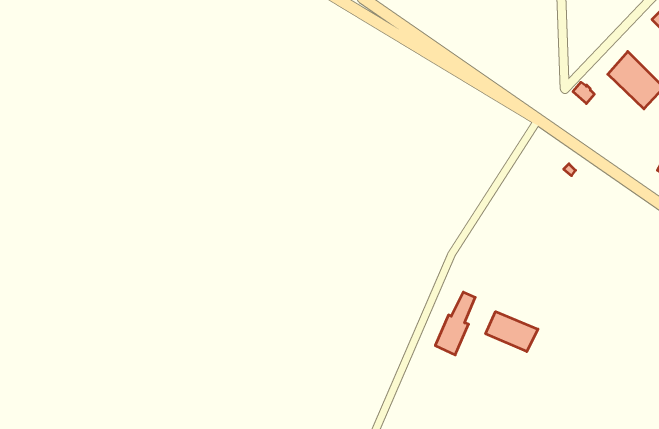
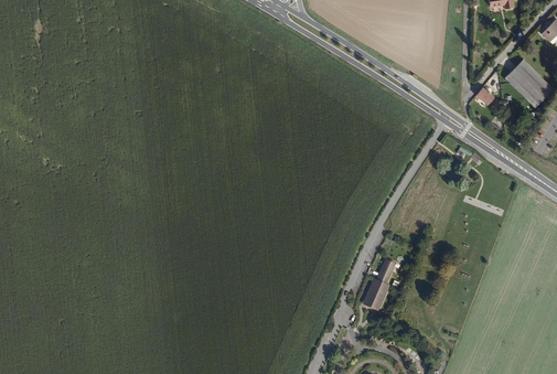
building: [486,312,538,352] -> none

